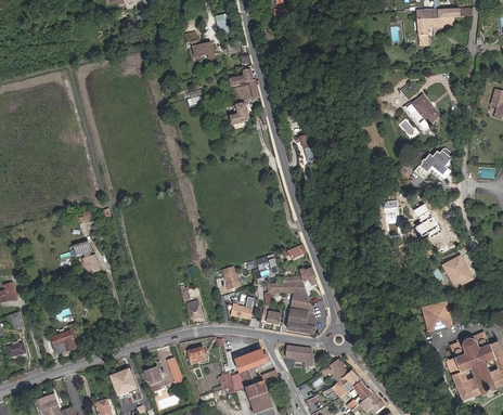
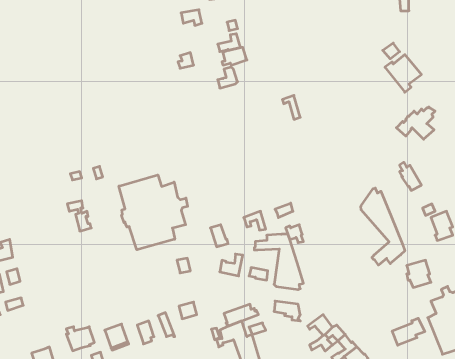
building: none -> [119,175,188,250]
building: none -> [361,188,405,265]
building: [49,328,78,353] -> [66,327,94,351]
building: none -> [392,318,425,345]

